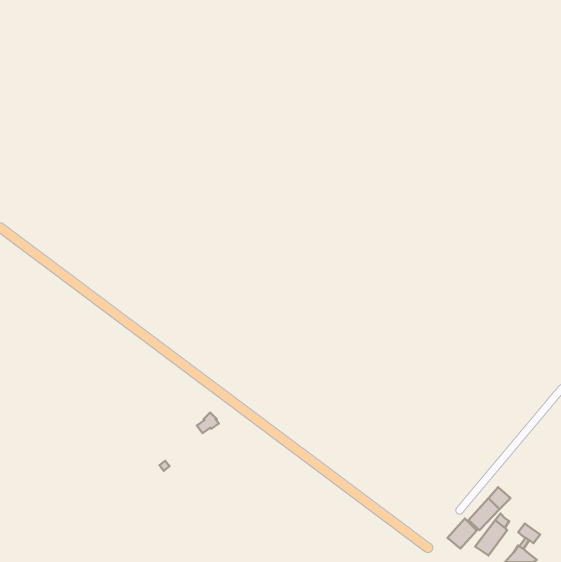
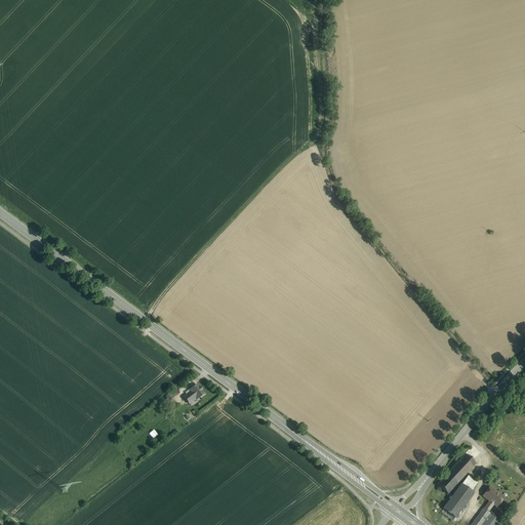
building: [448,519,477,549] -> none

